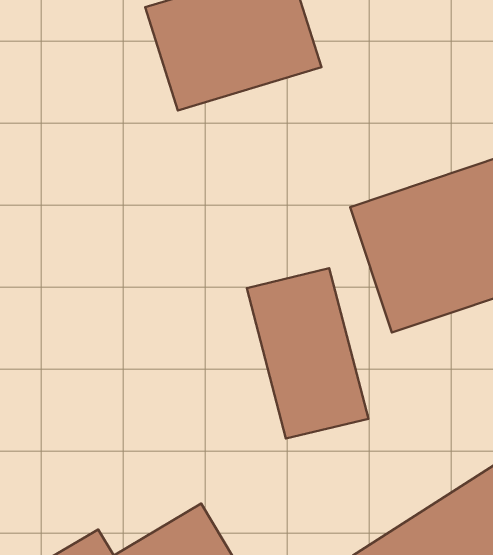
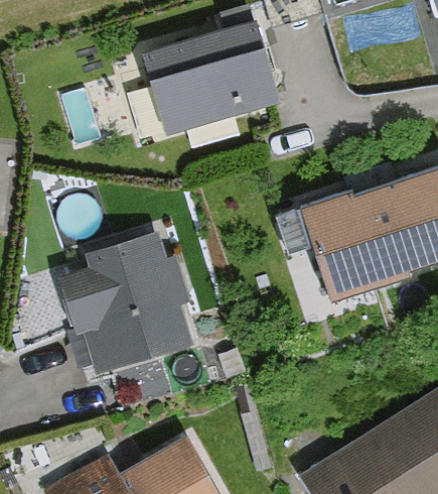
building: none -> [59,236,188,369]
building: [247,268,368,439] -> none

